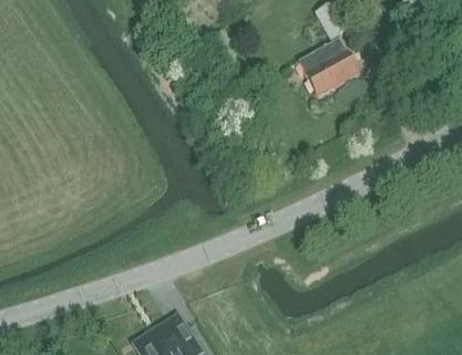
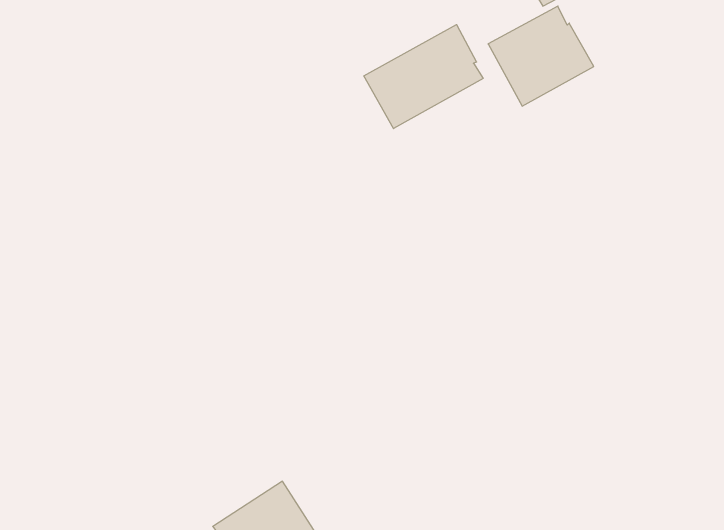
building: none -> [364,25,483,129]

